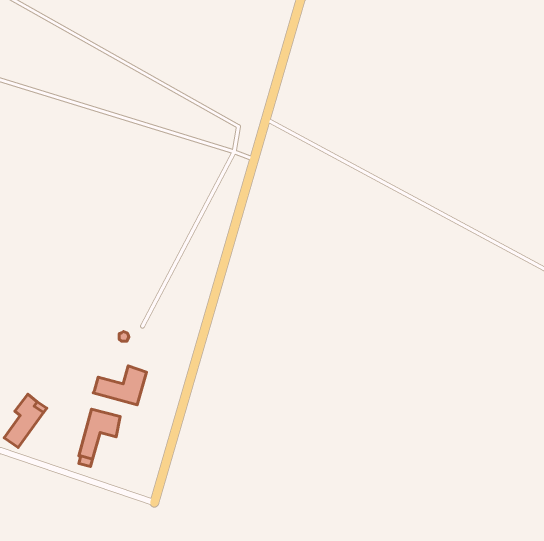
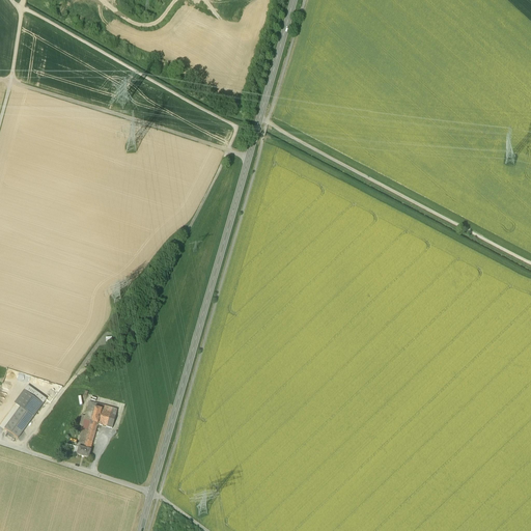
building: [93,366,147,405] -> none

